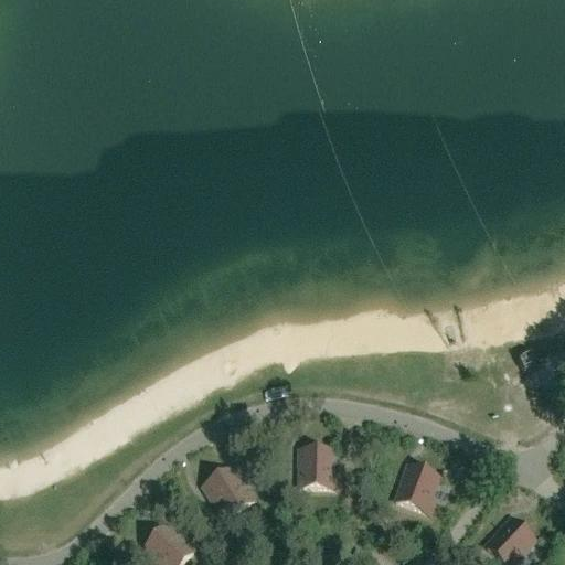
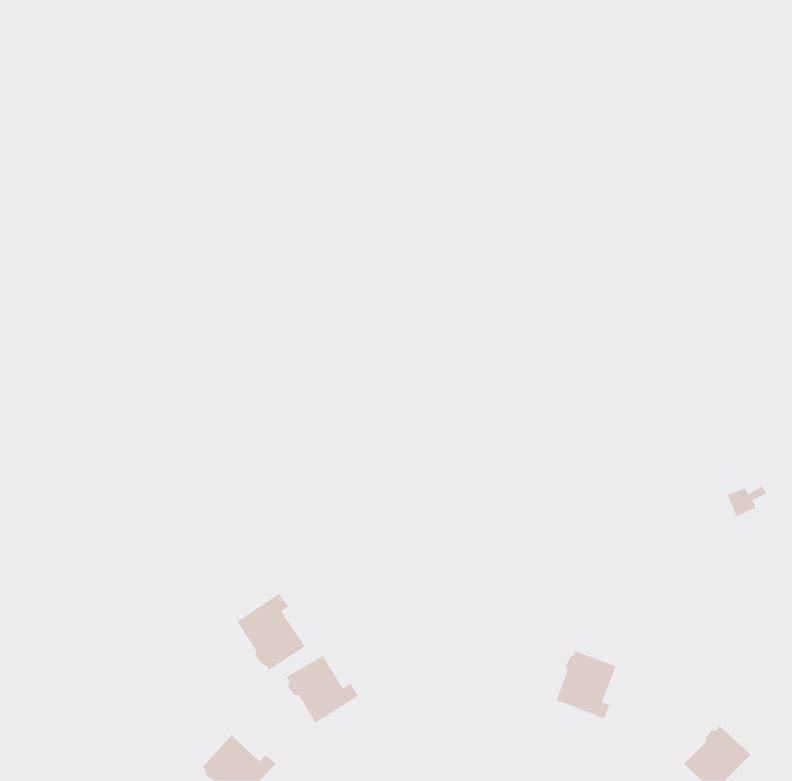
building: none -> [237,593,306,671]
building: [299,446,338,486] -> none

